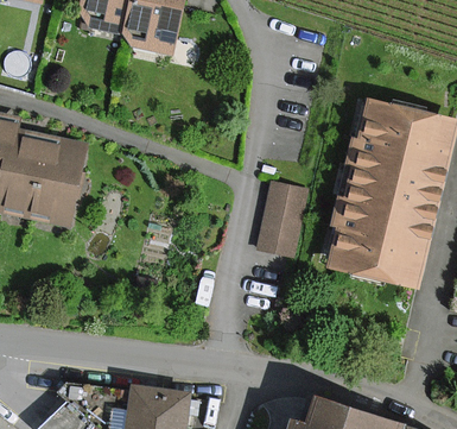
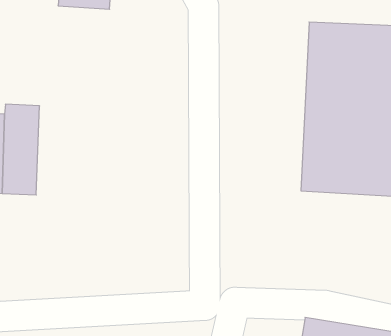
building: [258,184,305,257] -> none

